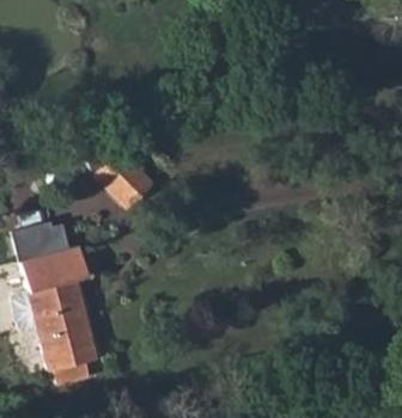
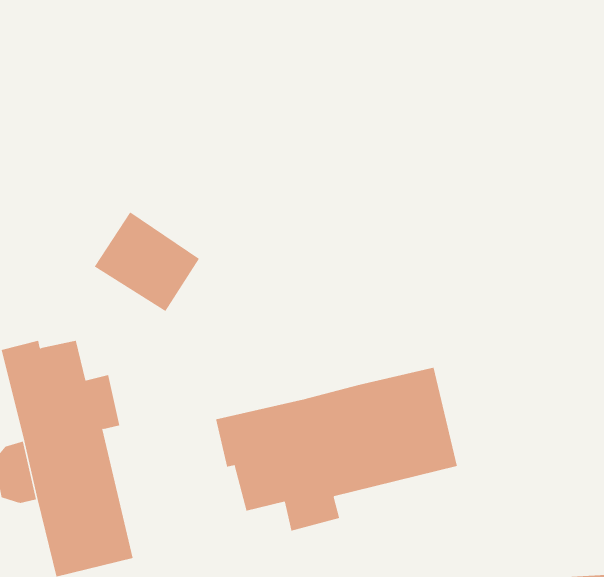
building: none -> [216,367,458,531]

